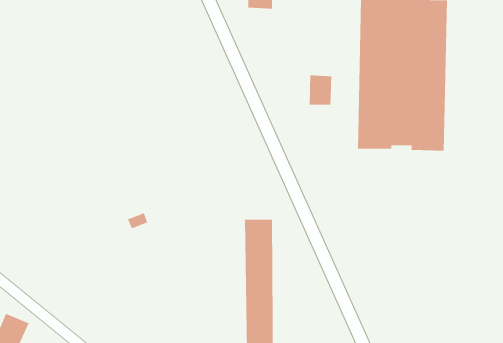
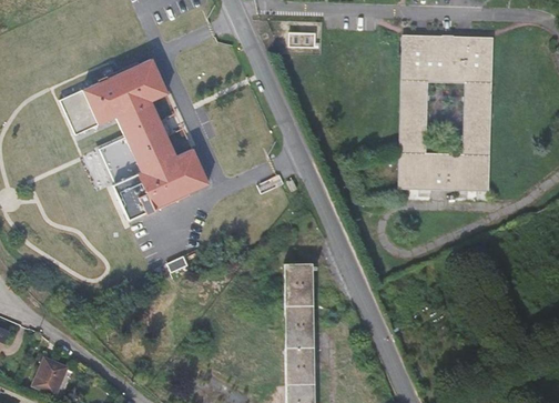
building: none -> [63,59,209,219]
building: [309,74,332,106] -> none

